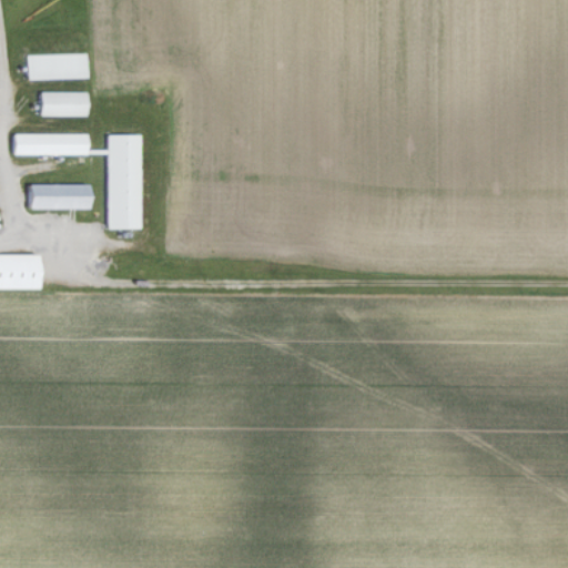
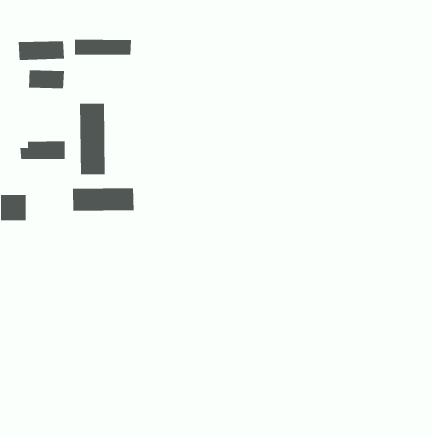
building: [13,133,89,154] -> [74,39,132,55]
building: none -> [72,187,134,211]

